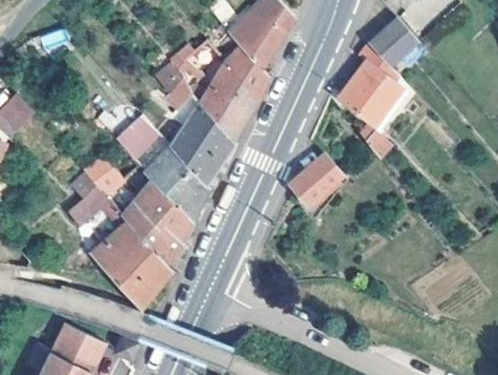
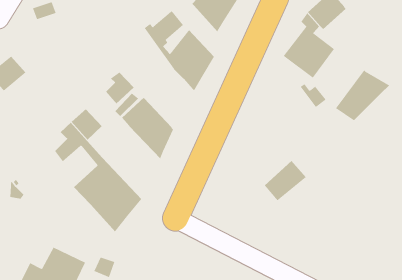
building: [224,36,269,97] -> none
building: [165,77,236,181] -> none
building: none -> [335,70,390,121]
building: [291,153,342,202] -> [264,160,306,201]
building: [125,180,194,267] -> none

